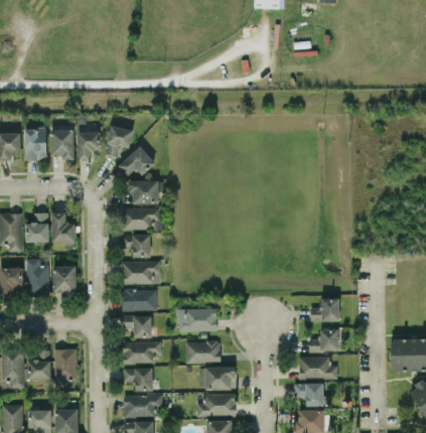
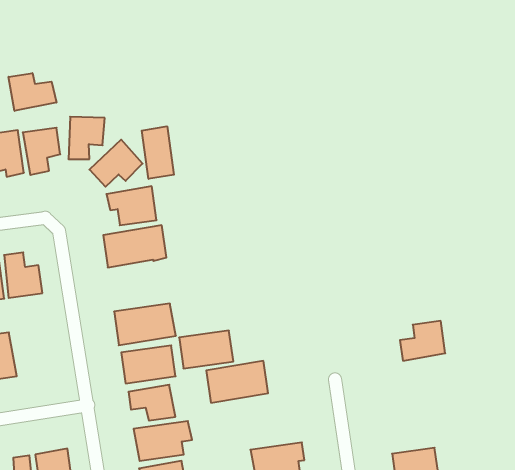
building: none -> [9,73,56,111]
building: none -> [142,126,174,179]
building: [122,234,151,257] -> none
building: [52,266,77,293] -> none
building: [309,329,338,351] -> none
building: [186,341,221,363] -> [179,331,233,368]
building: [299,356,336,379] -> none

